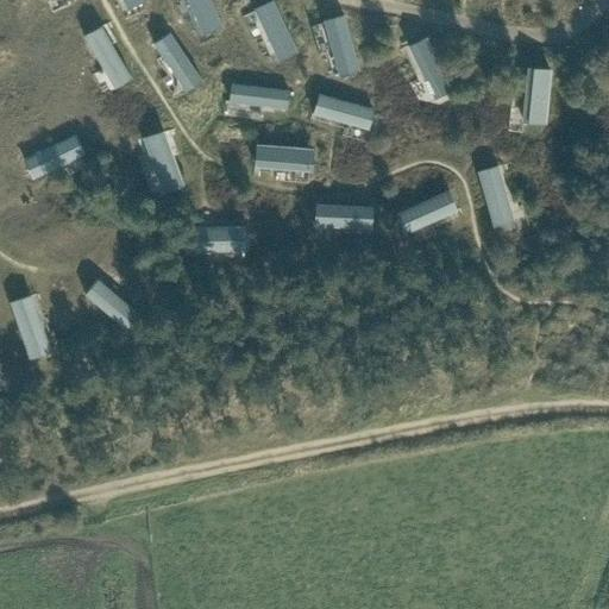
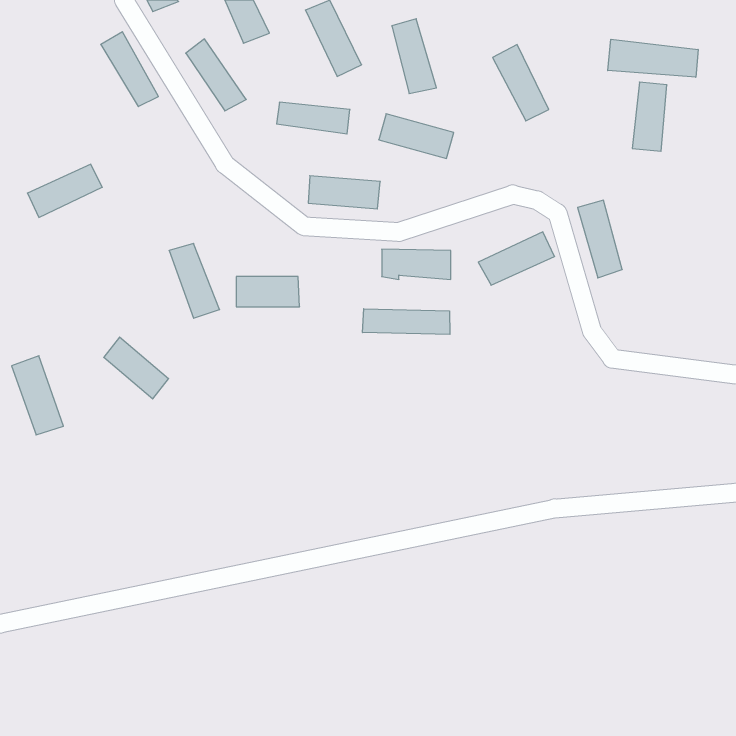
building: none -> [608,39,698,77]
building: [143,132,184,194] -> [169,243,220,318]
building: none -> [363,309,450,334]

